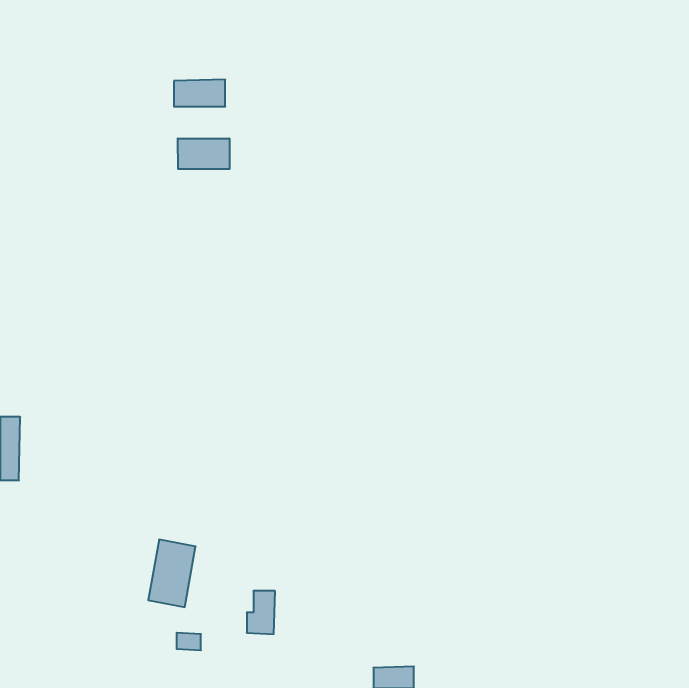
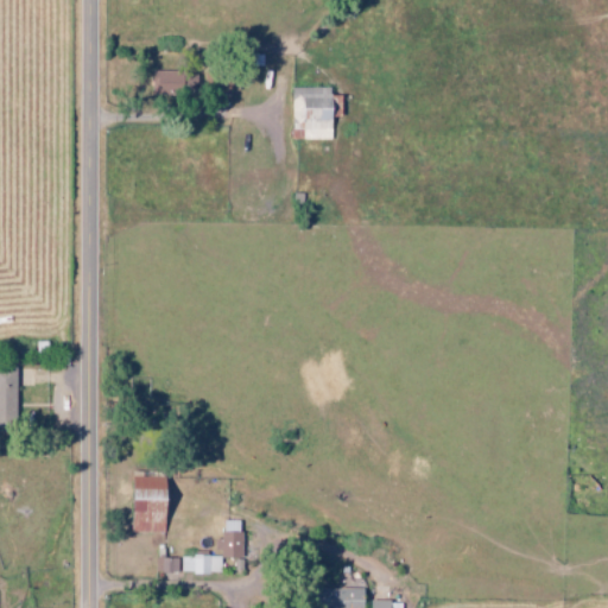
building: none -> [291,87,334,139]
building: [178,138,230,169] -> none
building: none -> [179,555,220,572]

